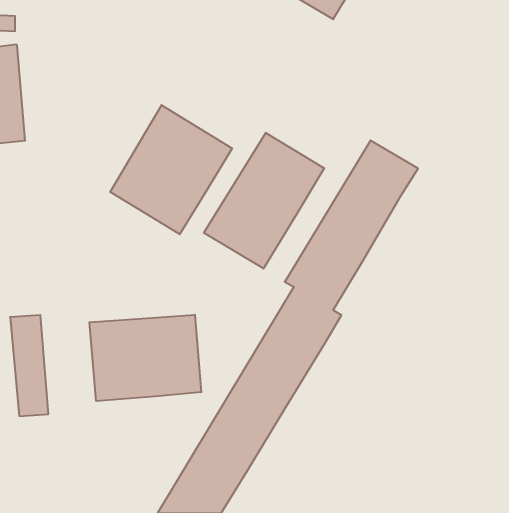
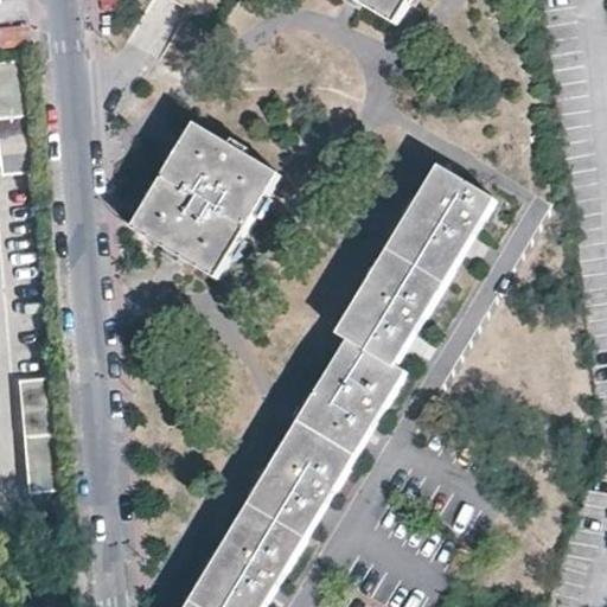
building: [204,133,324,269] -> none
building: [89,315,201,401] -> none

